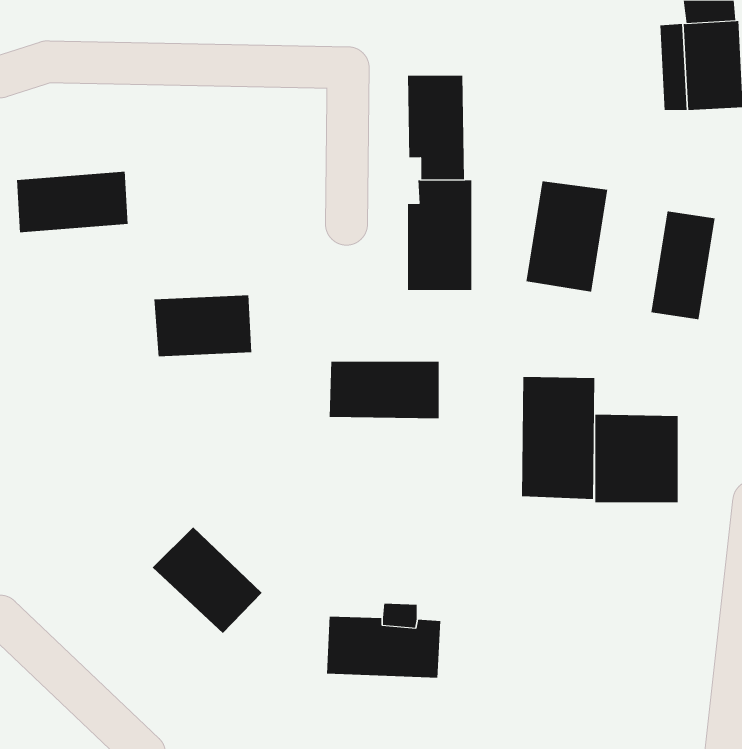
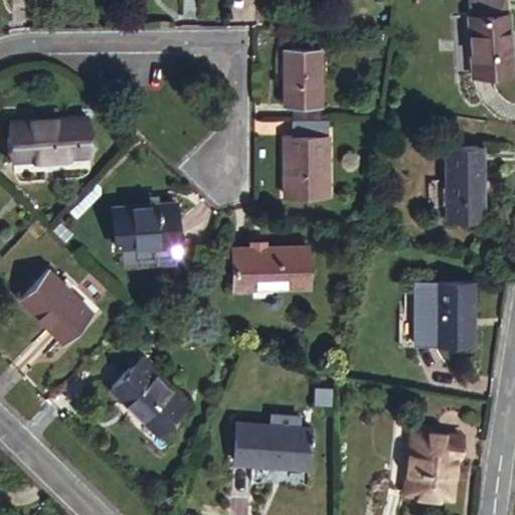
building: [526,181,608,292] -> none
building: [521,376,595,500] -> none
building: none -> [19,273,91,343]
building: none -> [407,432,461,496]

